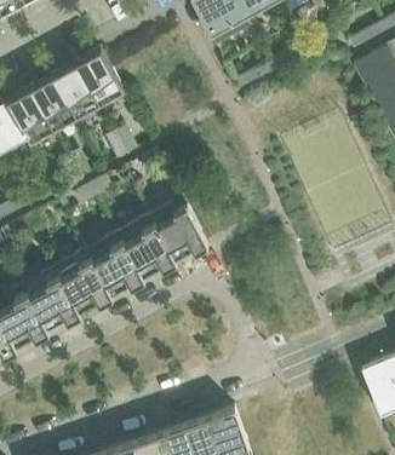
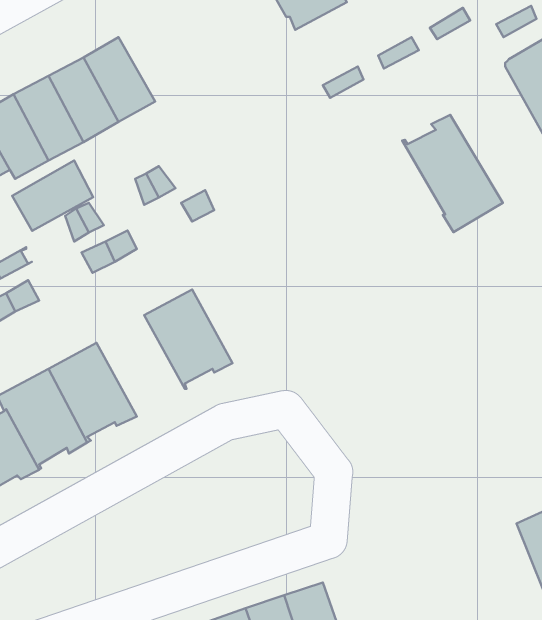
building: none -> [402,115,503,232]
building: none -> [12,161,93,231]
building: [149,201,208,261] -> none
building: [86,230,144,296] -> none

